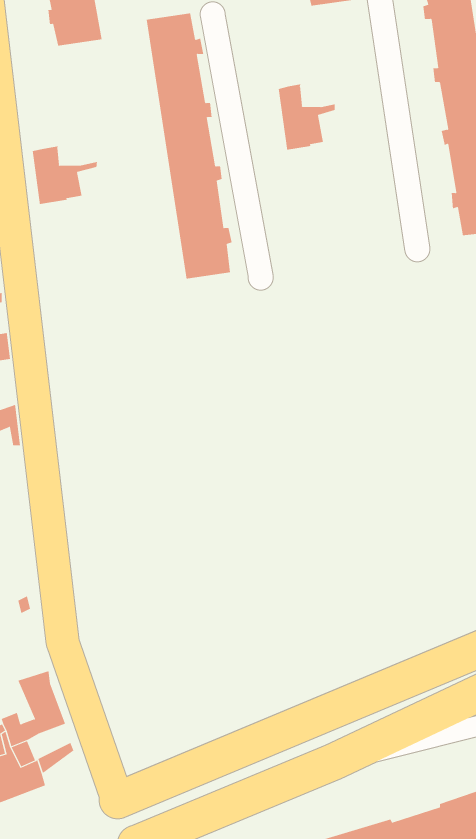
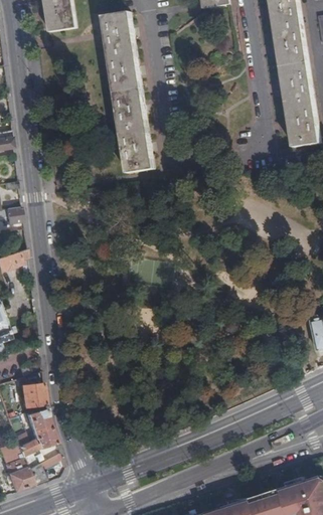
building: [278,84,335,150] -> none
building: [32,145,97,205] -> none
building: none -> [19,382,43,406]

